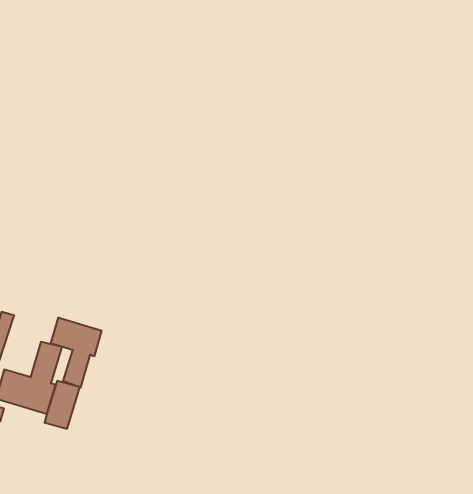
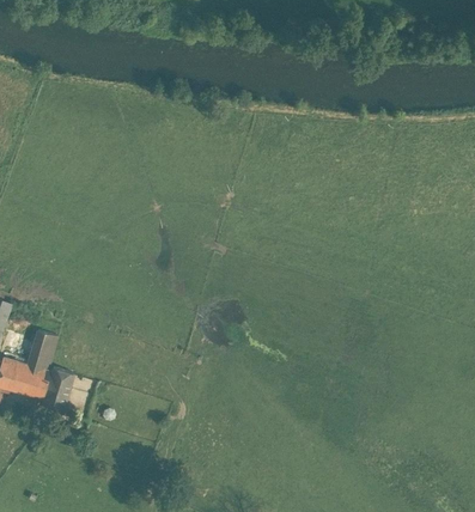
building: [51,318,102,388] -> none

